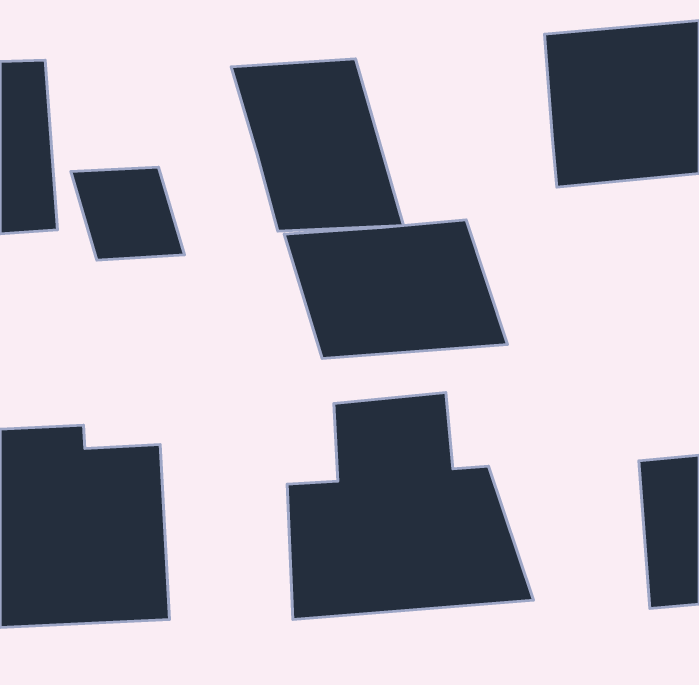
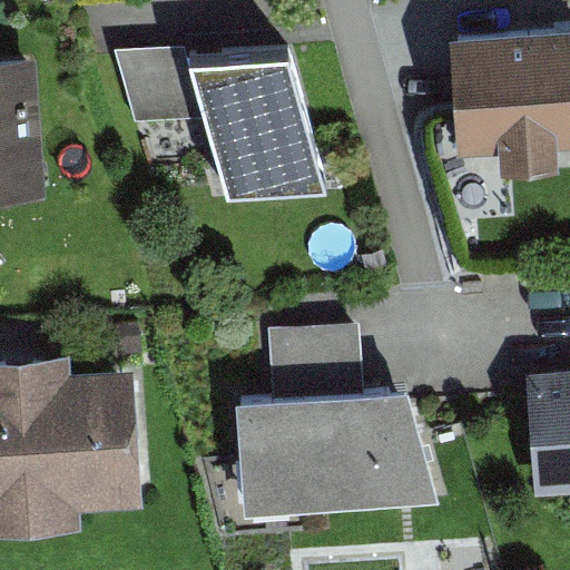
building: [71,167,184,260] -> [117,66,209,141]
building: [284,220,507,359] -> none

